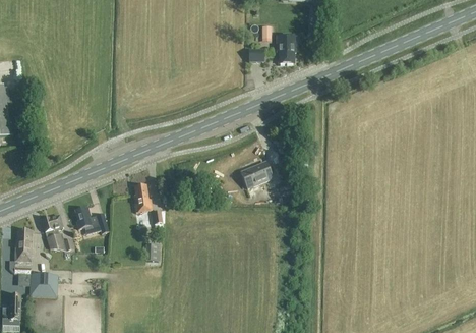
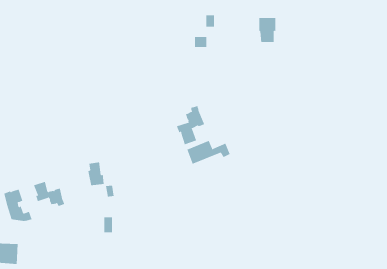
building: [277,35,296,62] -> [259,17,276,43]
building: none -> [176,105,205,145]

